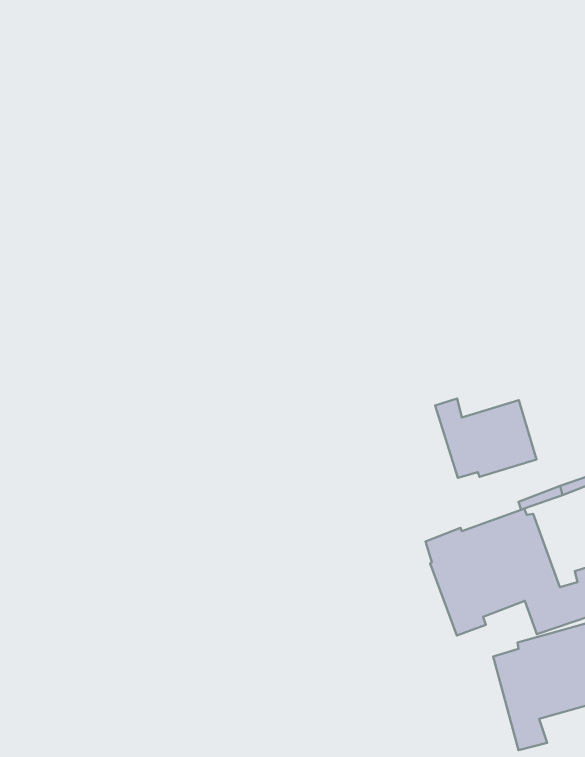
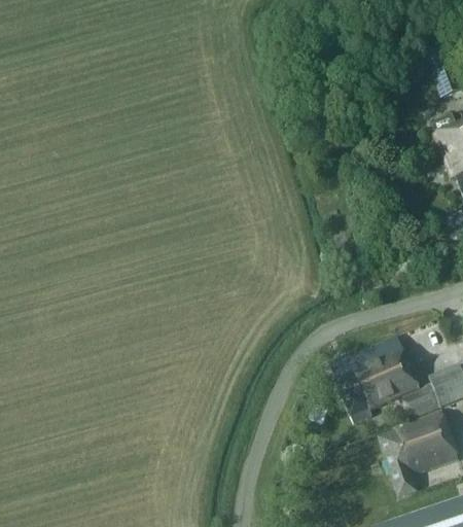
building: [435,399,536,478] -> none

